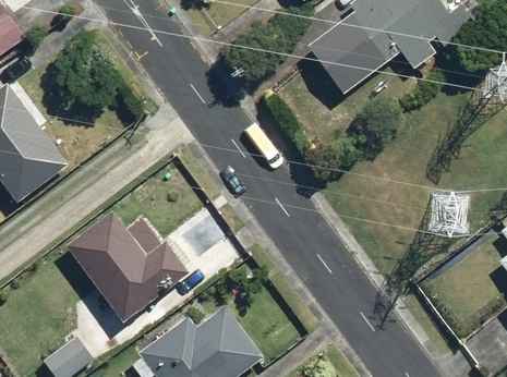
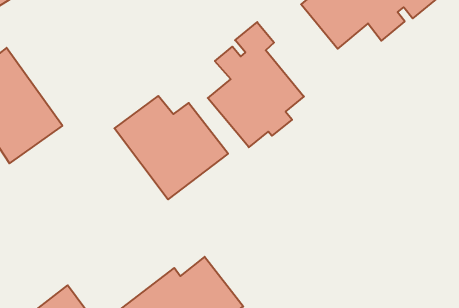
building: none -> [208,22,304,147]
building: [67,214,189,325] -> [114,96,228,199]

